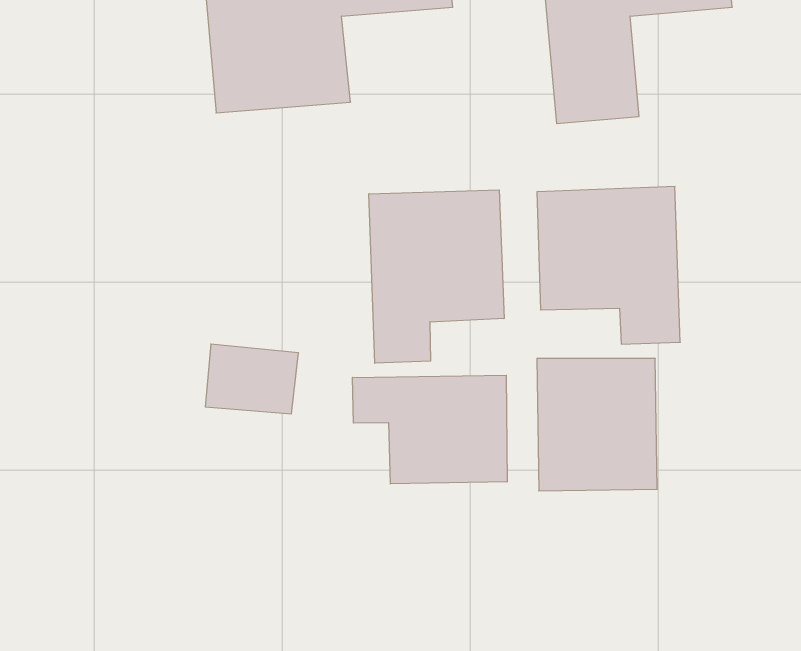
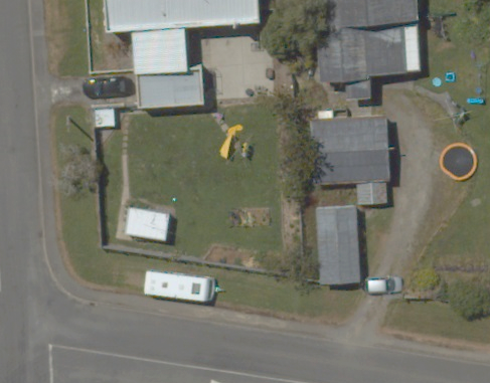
building: [369,190,504,363] -> none
building: [352,375,507,484] -> none

